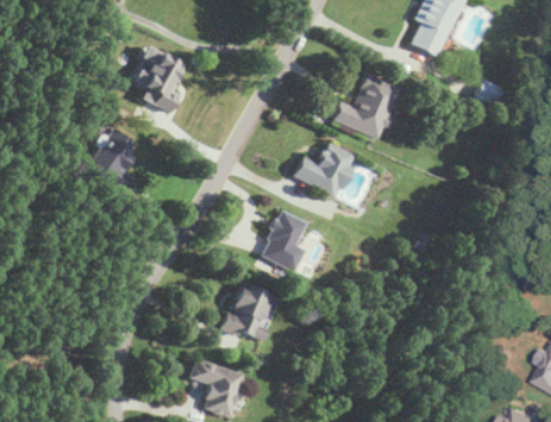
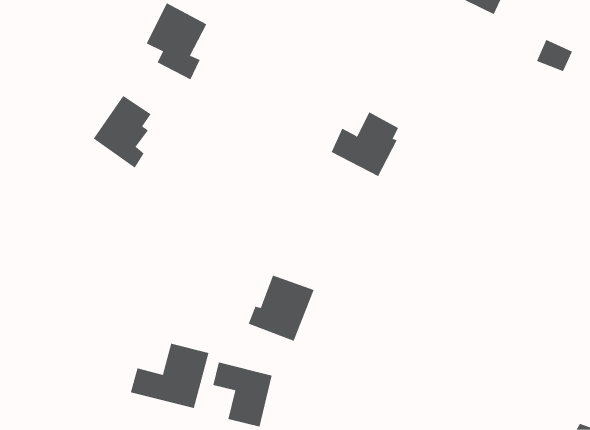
building: [333,74,400,138] -> none
building: [259,210,307,272] -> none
building: none -> [130,343,209,409]

